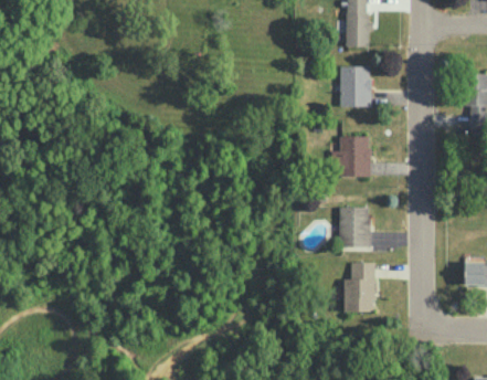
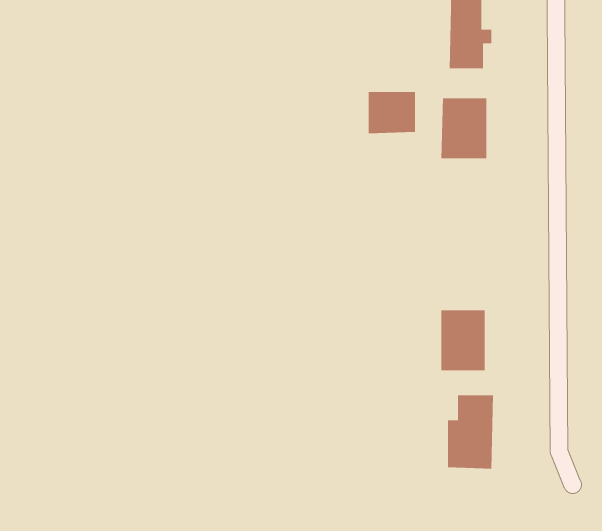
building: none -> [368,91,416,134]
building: [330,136,370,177] -> none

